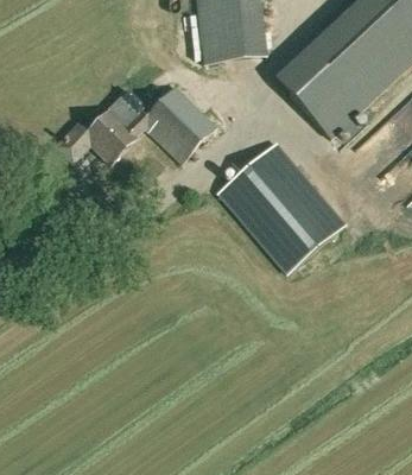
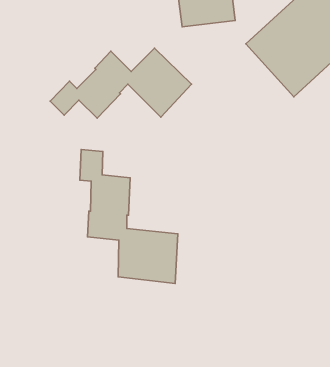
building: [218,145,342,272] -> none
building: none -> [80,149,178,284]

